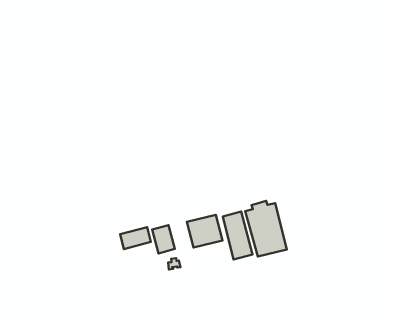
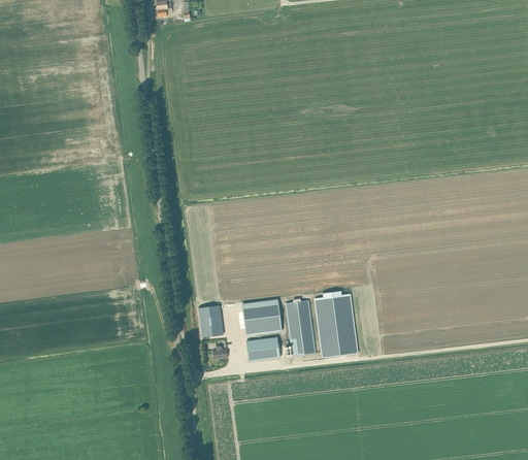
building: [120,227,151,249] -> none
building: none -> [246,336,279,361]

